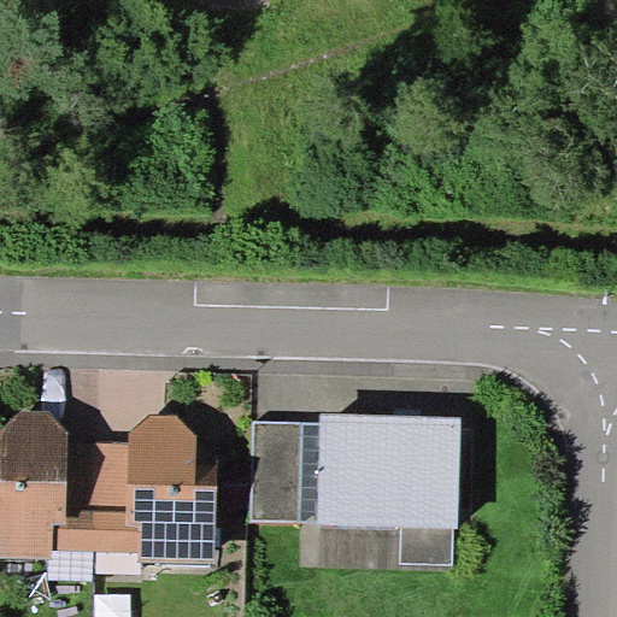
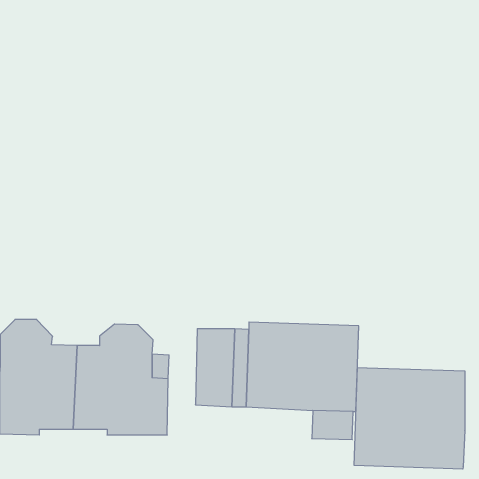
building: none -> [354,367,465,469]

